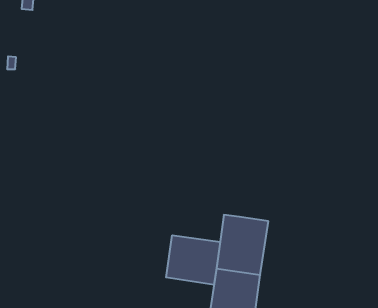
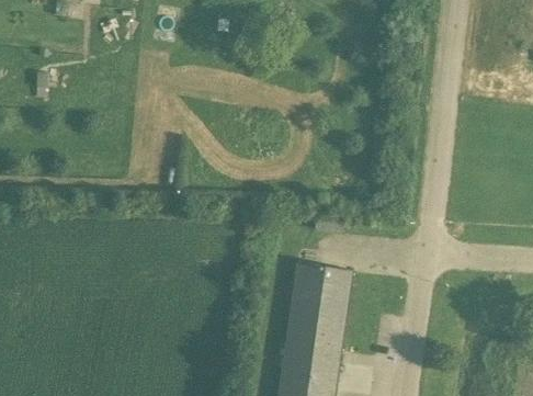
building: [166,235,220,285] -> none

